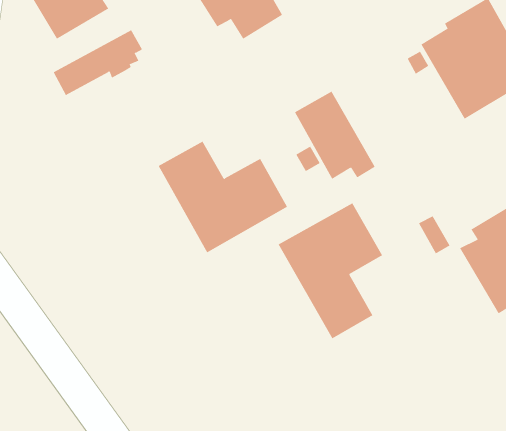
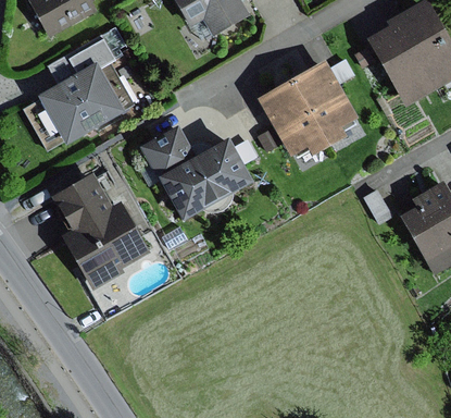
building: none -> [290,60,356,146]
building: none -> [38,62,134,145]
building: none -> [52,172,149,290]
building: [278,203,383,339] -> none

